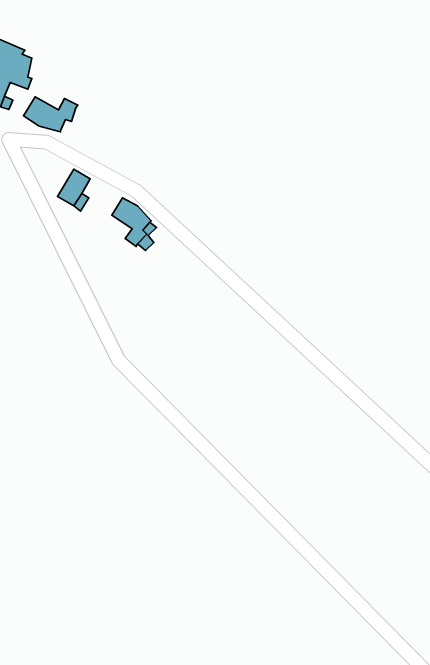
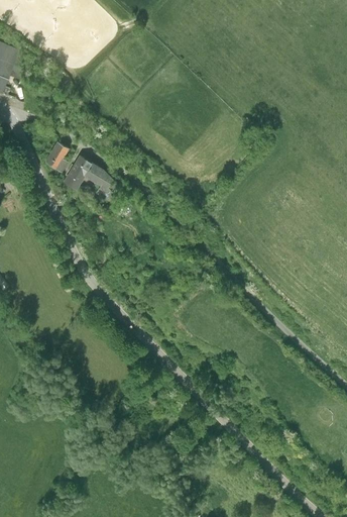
building: [24,97,78,132] -> none
building: none -> [63,153,93,189]

